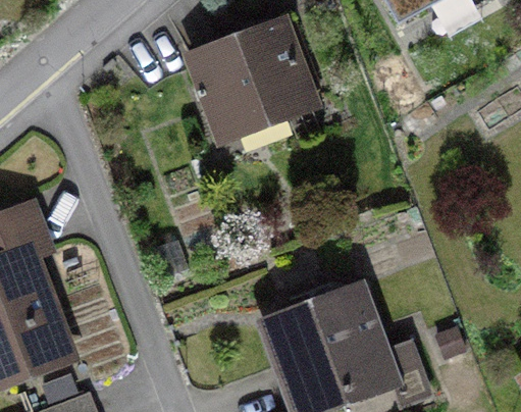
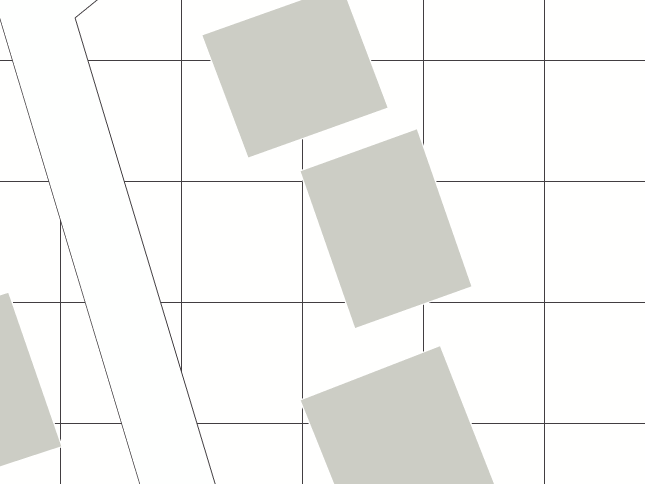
building: none -> [300,129,472,329]

